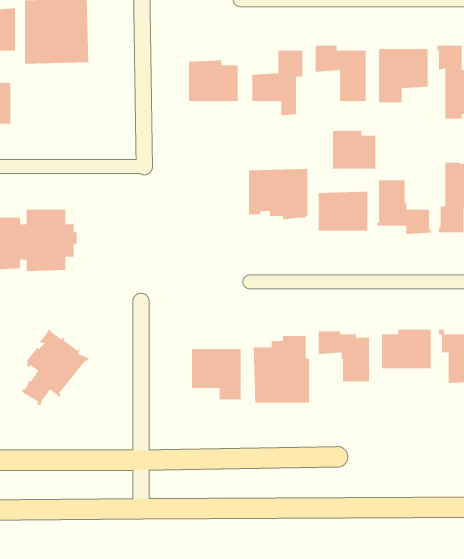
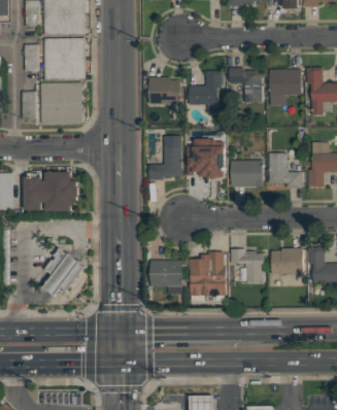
building: none -> [40,82,82,125]
building: [332,130,376,170] -> none
building: none -> [148,136,182,180]

